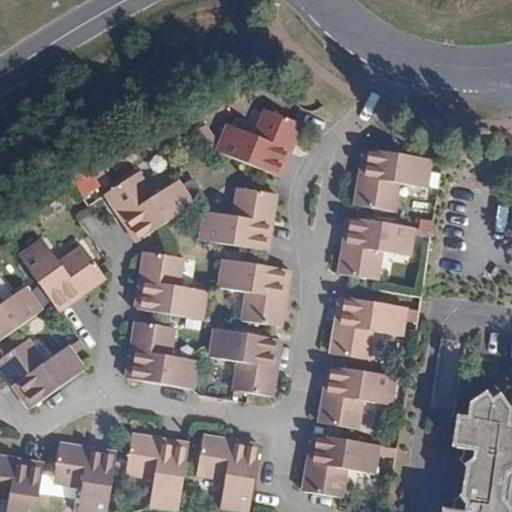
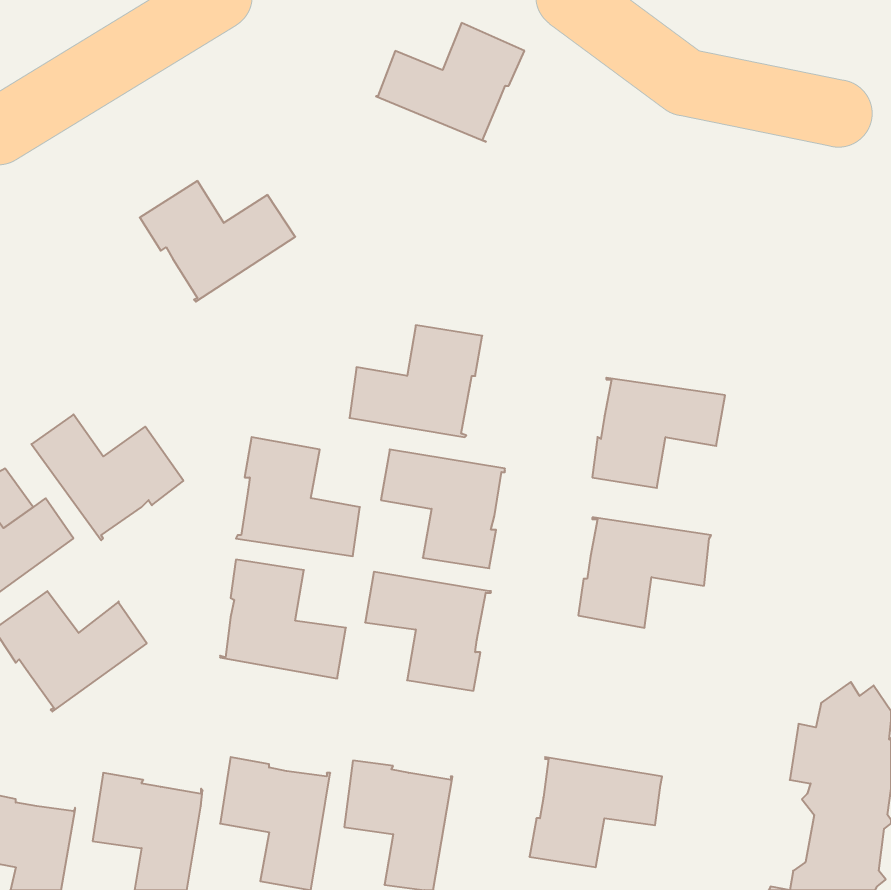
building: [216,107,301,175] -> [376,23,524,142]
building: [355,147,431,210] -> none
building: [105,171,194,240] -> [140,181,295,302]
building: [319,364,395,427] -> none

